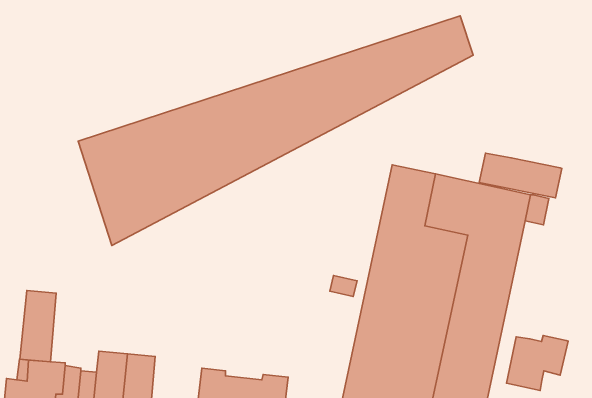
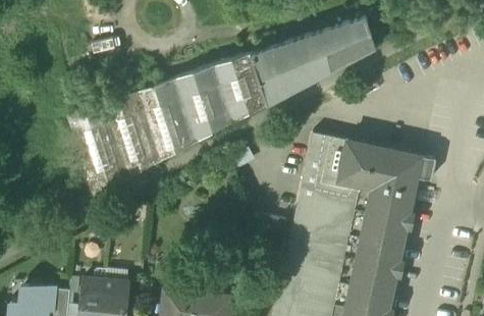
building: [479,153,562,198] -> none
building: [20,291,56,362] -> none
building: [507,336,568,390] -> none

